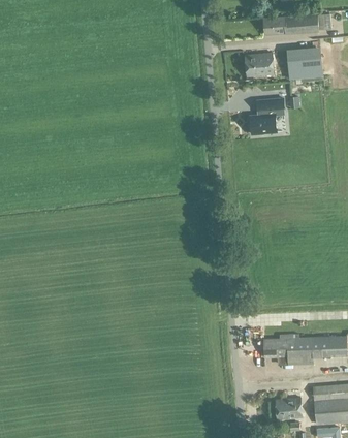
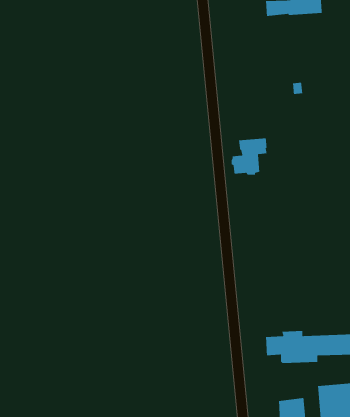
building: [286,46,322,79] -> none
building: [244,53,273,76] -> none
building: [248,98,283,134] -> [231,138,268,176]

